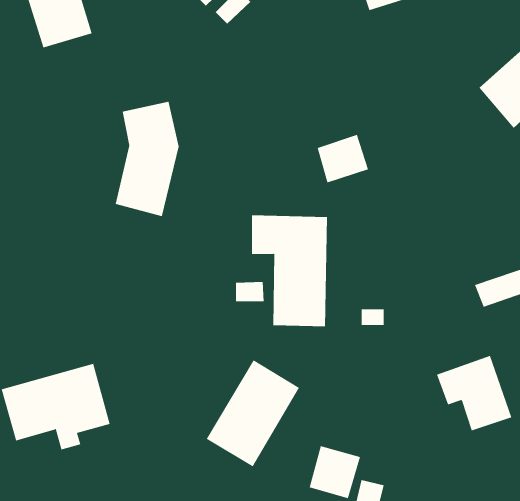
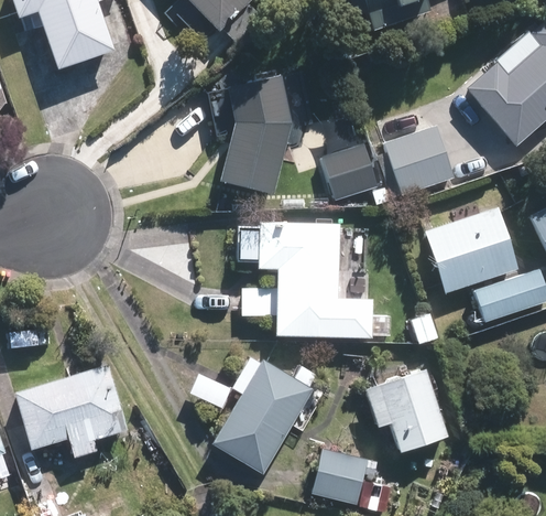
building: [115,101,179,217] -> [226,78,288,191]
building: none -> [387,129,450,190]
building: none -> [429,214,514,288]
building: [436,355,512,431] -> [370,376,444,450]

